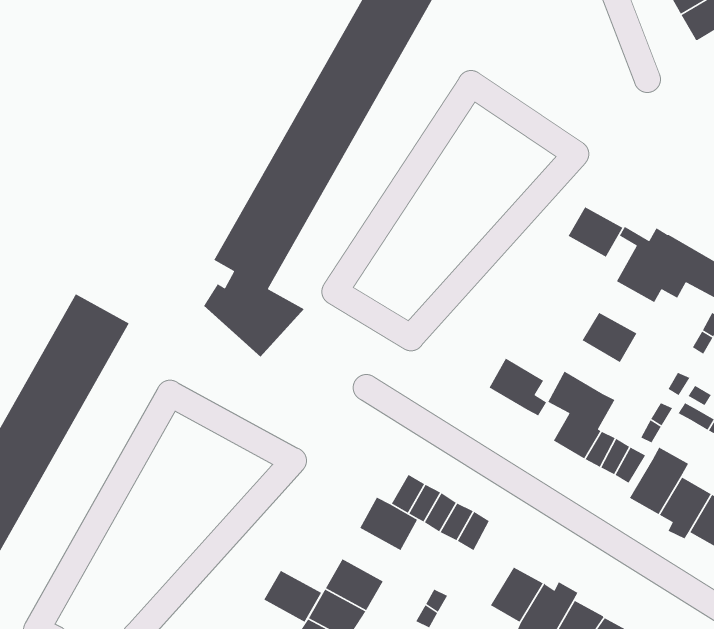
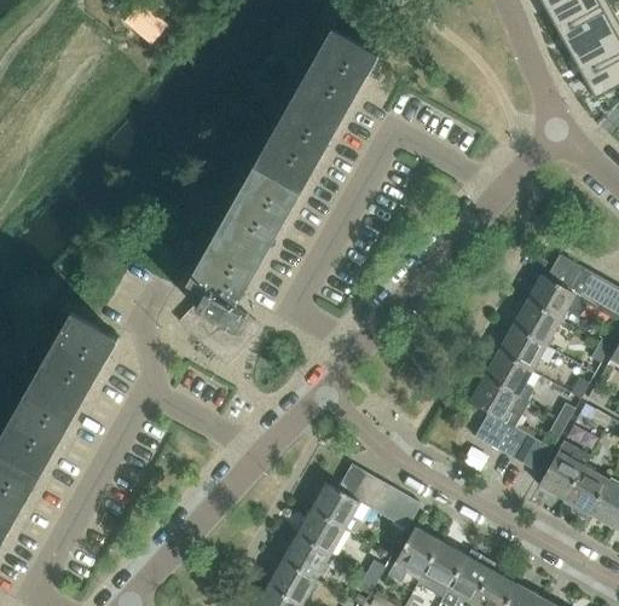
building: [568,206,623,258] -> [513,301,560,345]
building: [488,358,547,416] -> [484,351,533,400]
building: none -> [388,526,441,581]
building: [263,570,322,623] -> [296,509,346,554]

